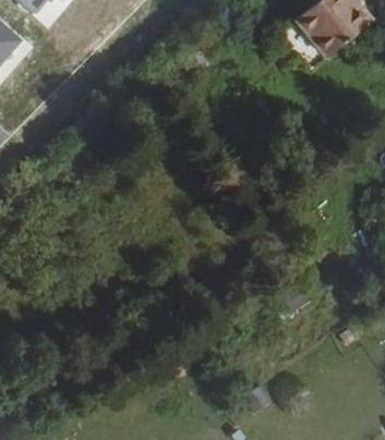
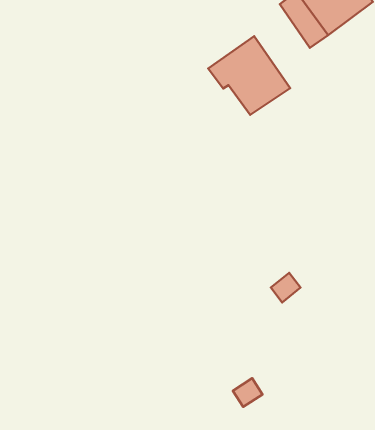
building: none -> [208,36,290,115]

